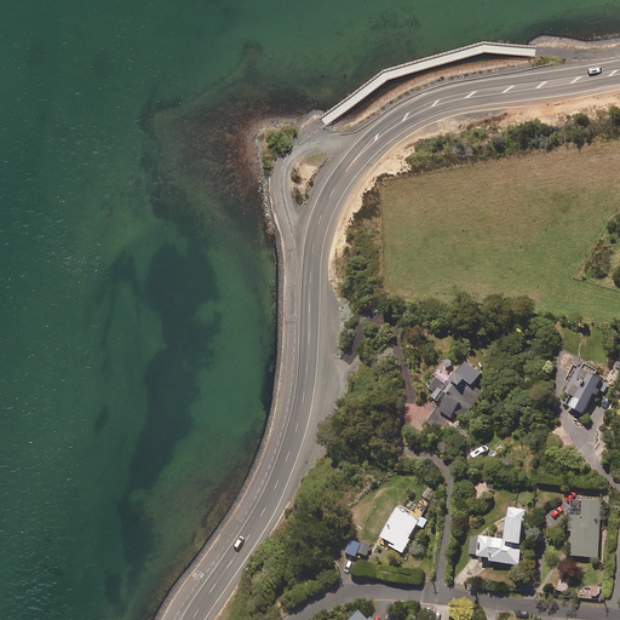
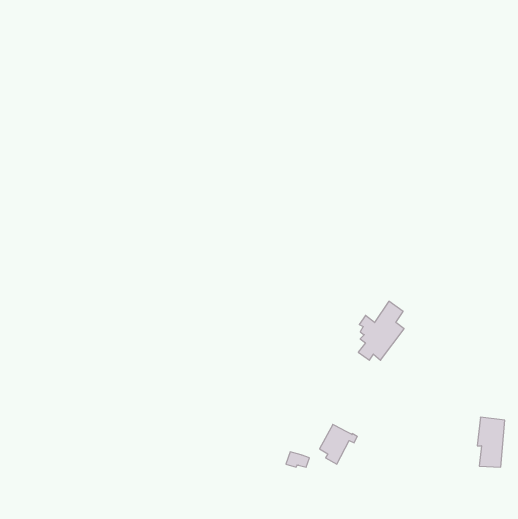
building: [564,362,607,414] -> none
building: [469,506,524,564] -> none

